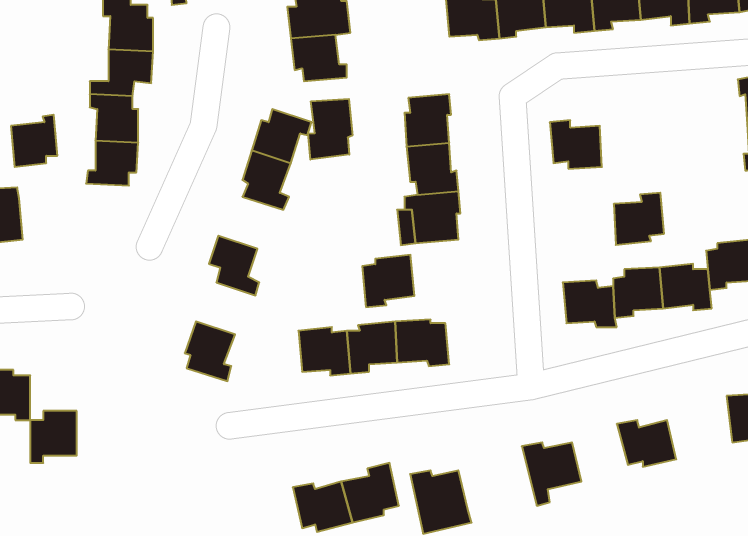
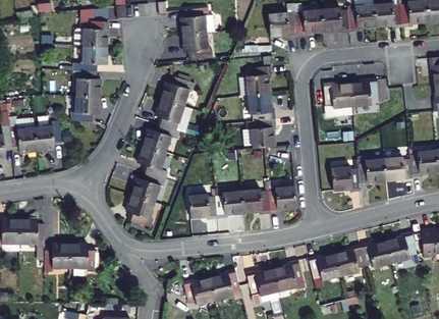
building: [308,99,352,160] -> none
building: [11,115,57,167] -> [35,118,60,147]
building: [614,193,664,245] -> [352,78,380,107]
building: none -> [144,123,179,152]
building: [362,255,414,307] -> [268,187,296,215]
building: none -> [131,170,164,199]
building: none -> [389,235,419,267]
building: none -> [66,241,92,269]
building: none -> [337,248,368,279]
building: none -> [275,263,307,295]

